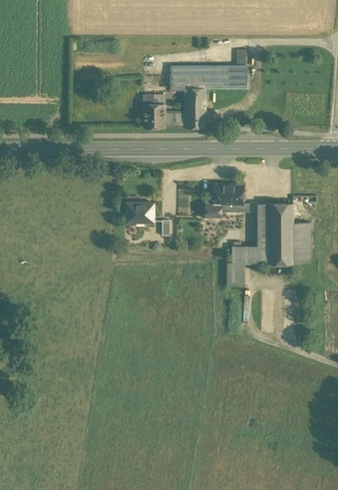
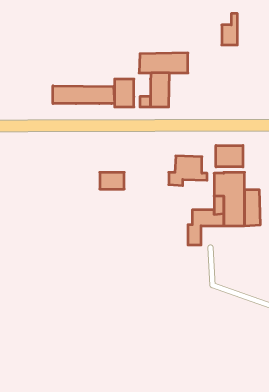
building: [227,52,245,88] -> [222,14,237,45]
building: none -> [53,86,115,104]
building: none -> [216,145,243,167]

